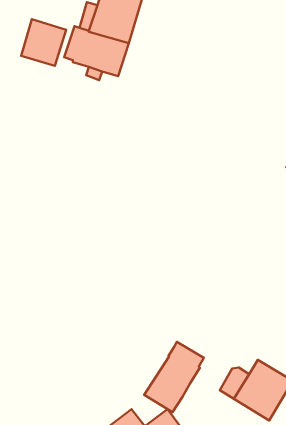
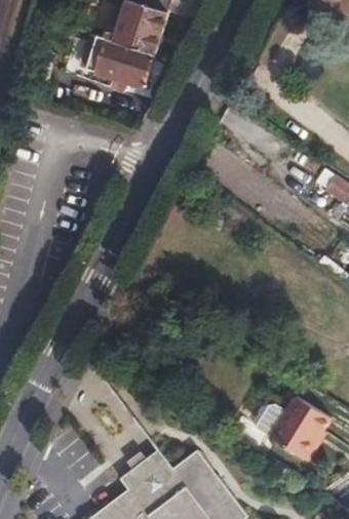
building: [21,19,66,66] -> none
building: [144,342,204,412] -> none

